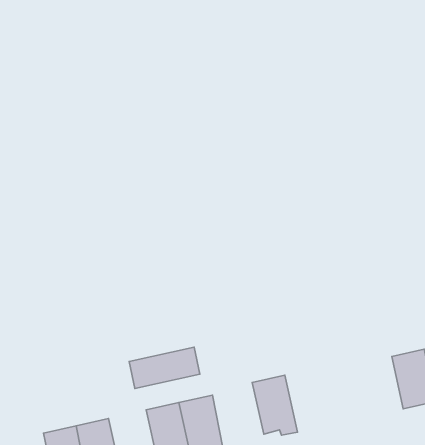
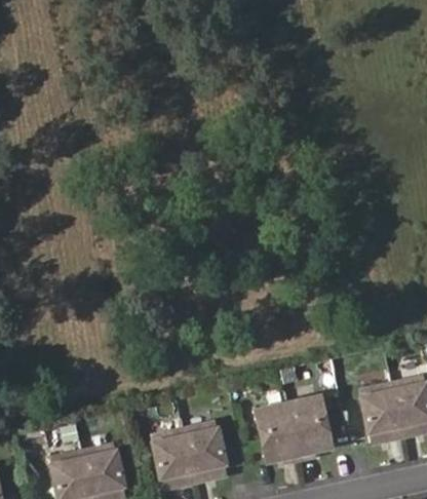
building: [129,347,200,388] -> none
building: none -> [360,384,403,443]
building: none -> [287,395,331,458]

